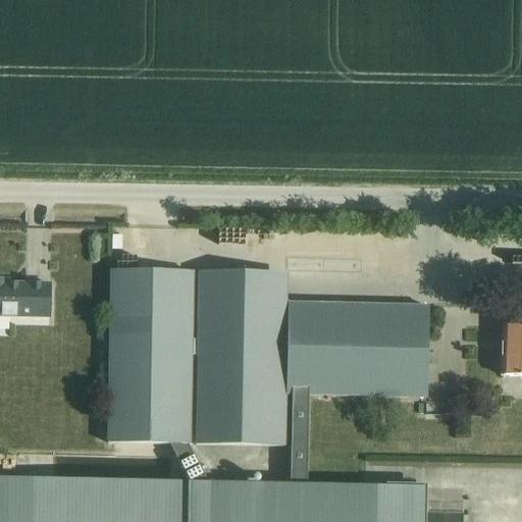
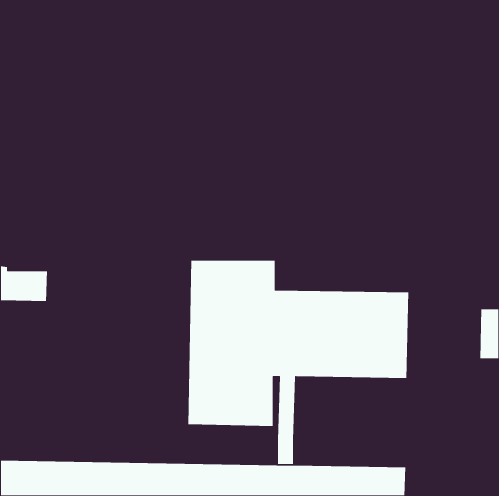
building: [108,269,193,443] -> none

